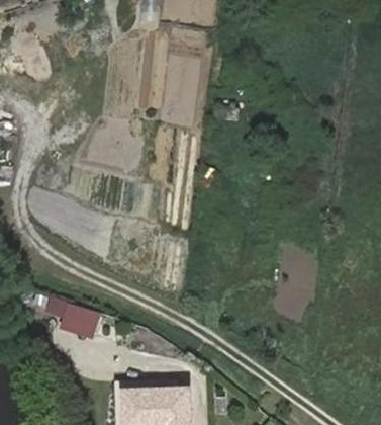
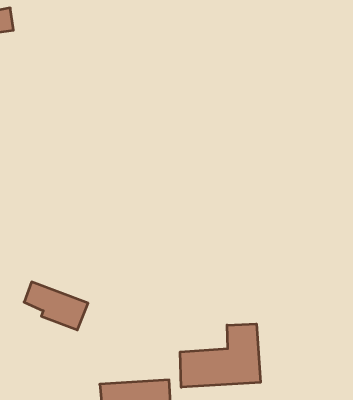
building: none -> [180,324,260,387]

